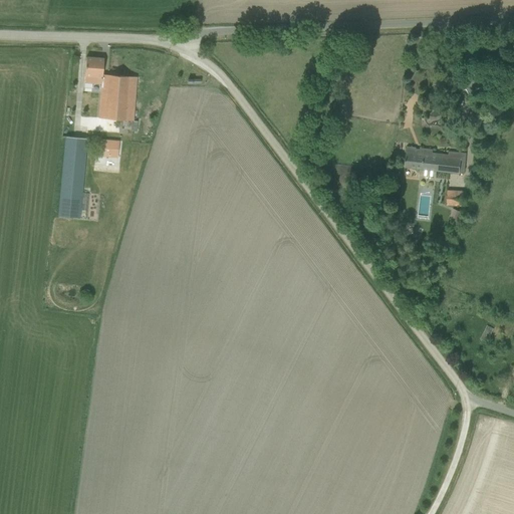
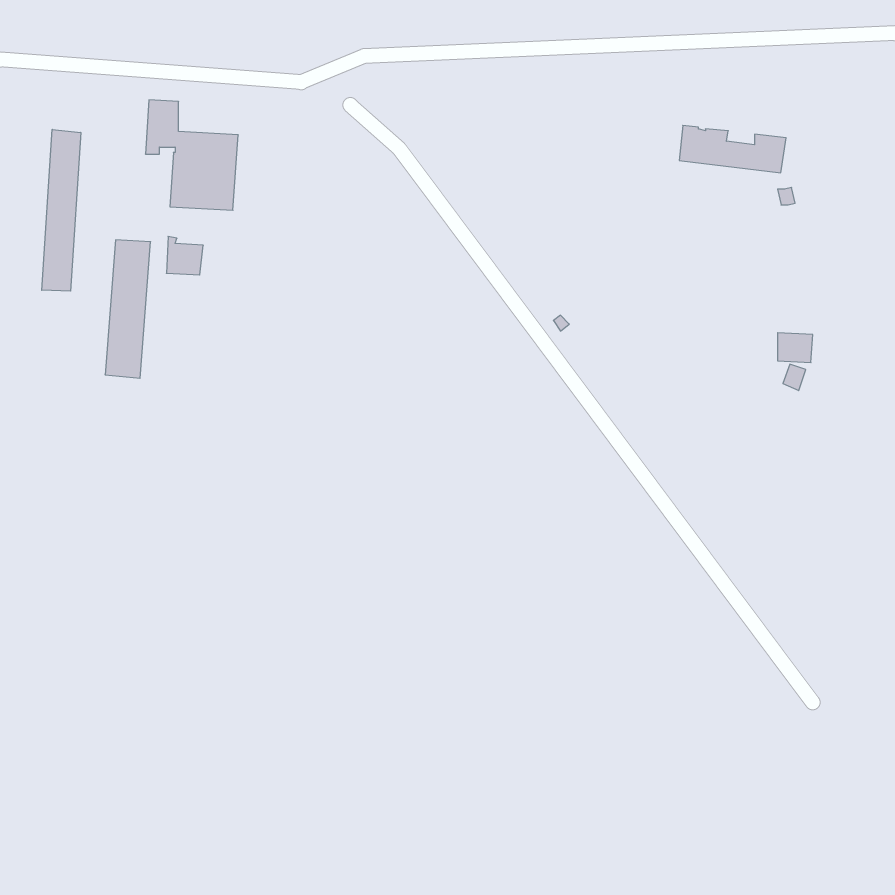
building: none -> [42,129,81,291]
building: [405,147,466,174] -> [679,125,786,173]

